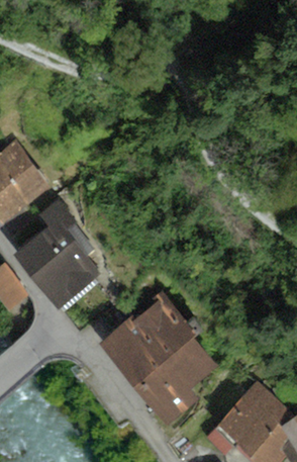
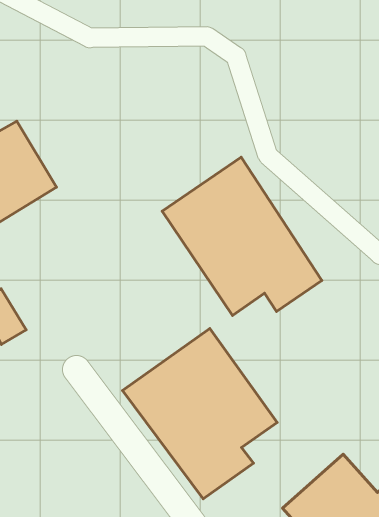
building: none -> [162,157,322,316]
building: [22,204,99,303] -> none

